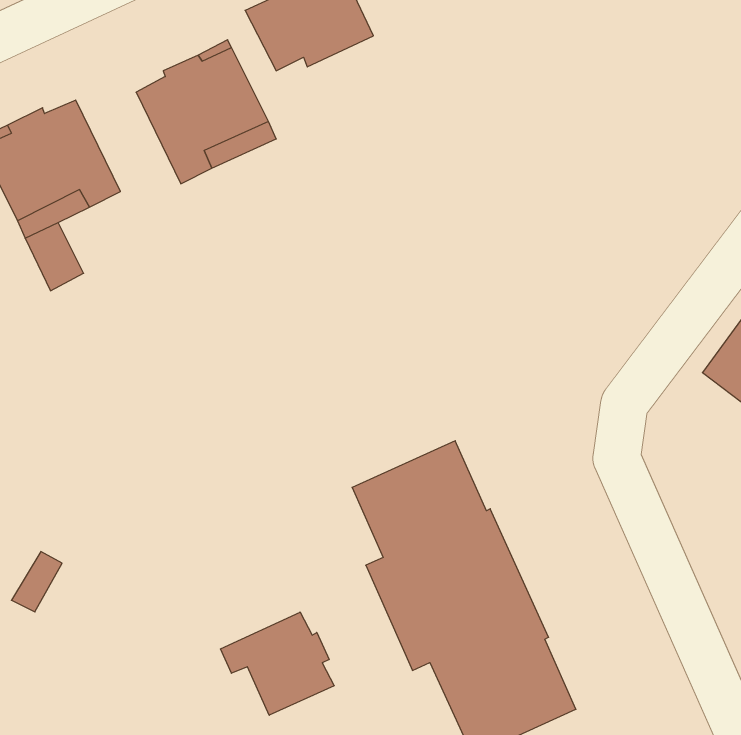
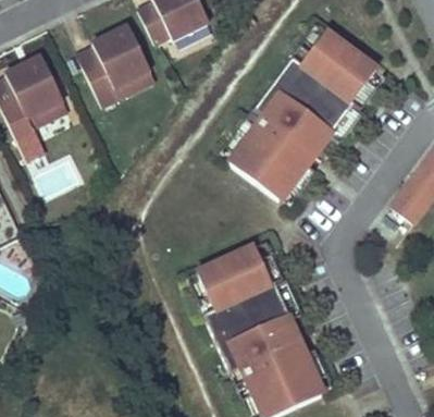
building: none -> [230,33,379,203]
building: [220,612,334,715] -> none

